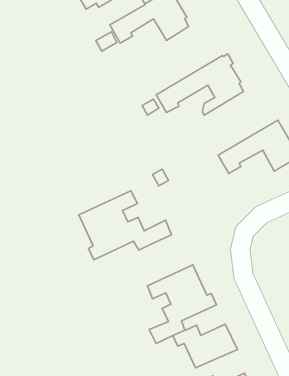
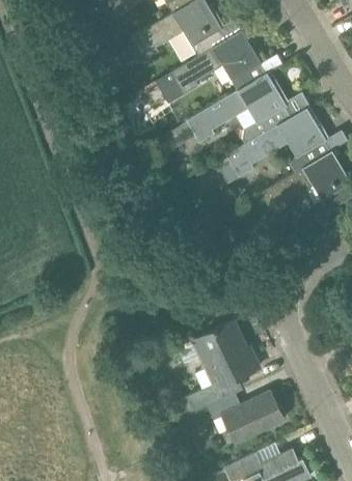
building: none -> [158,30,267,102]
building: none -> [219,107,332,192]
building: [79,191,172,260] -> none

